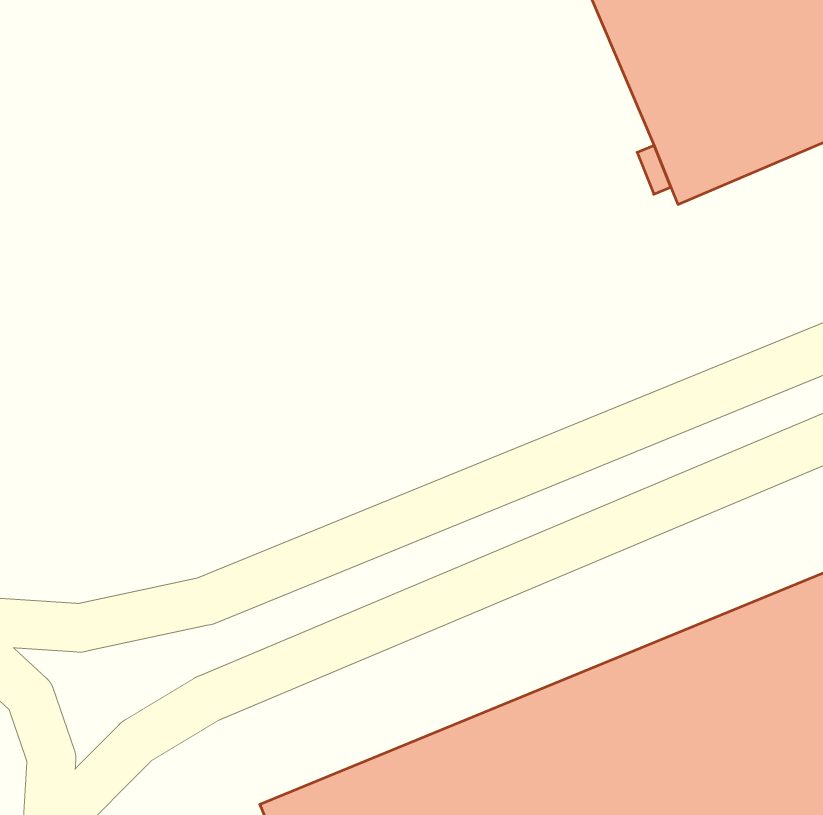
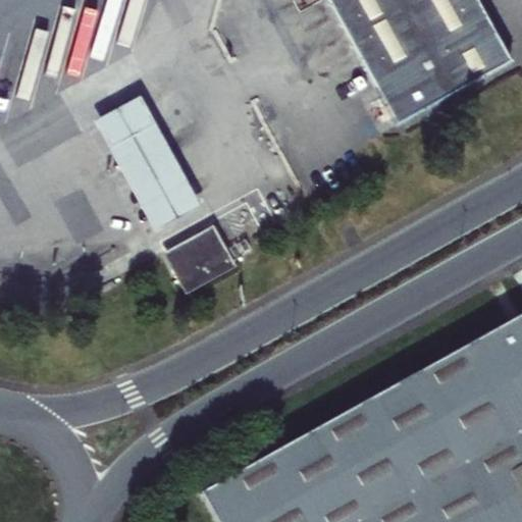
building: none -> [95,96,202,232]
building: none -> [162,222,241,297]

